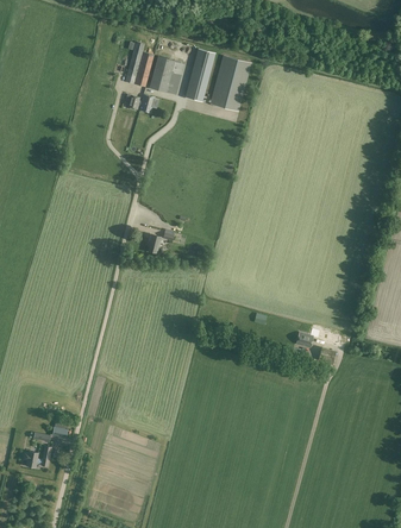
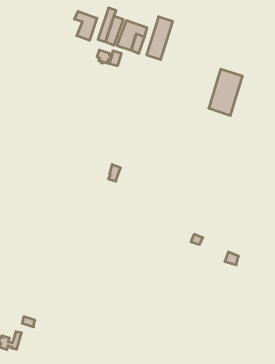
building: none -> [74,11,97,40]
building: [211,55,250,111] -> [209,69,243,115]

